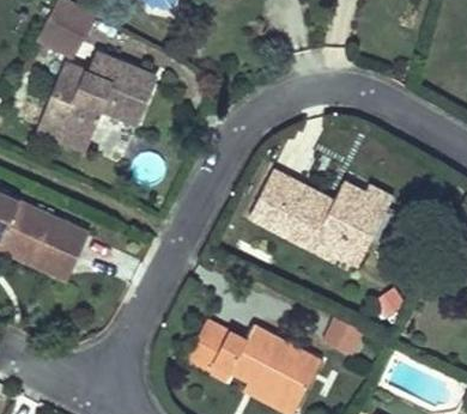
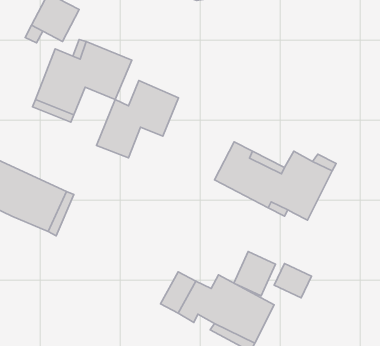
building: none -> [97,81,179,158]
building: none -> [234,252,275,296]

